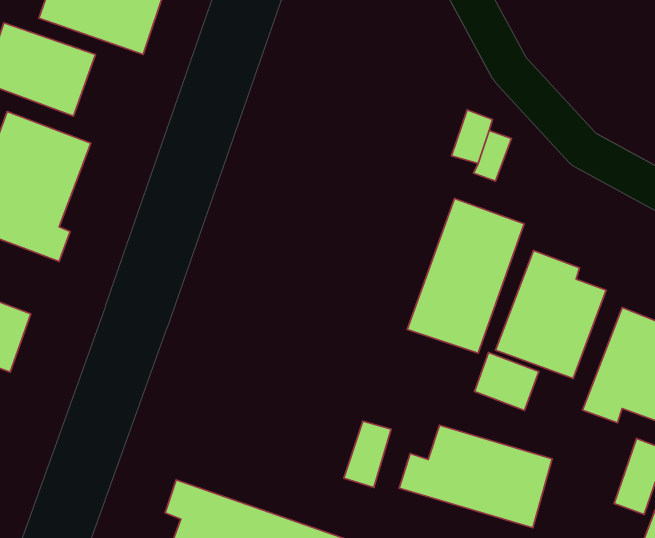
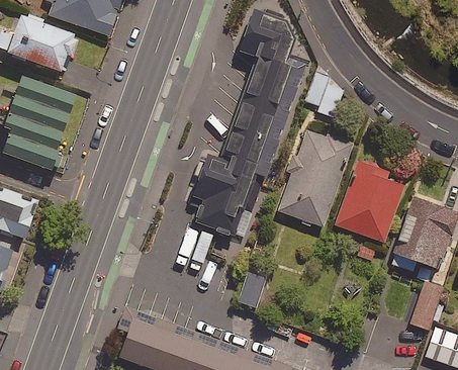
building: none -> [194,9,307,238]
building: [474,353,539,411] -> none
building: [399,425,552,528] -> none

